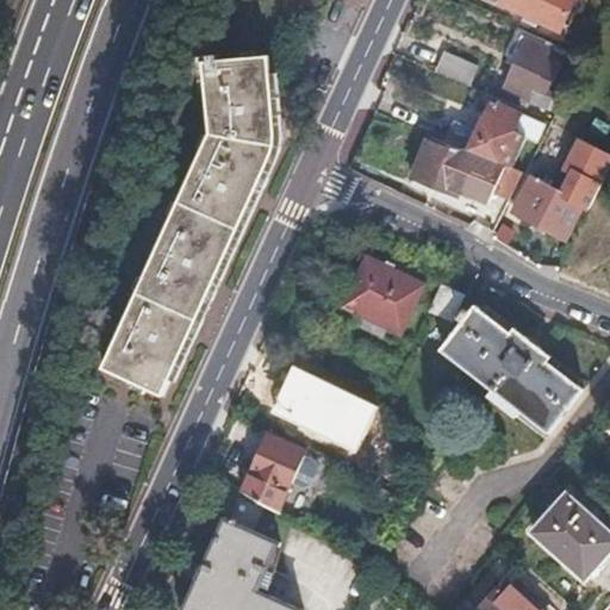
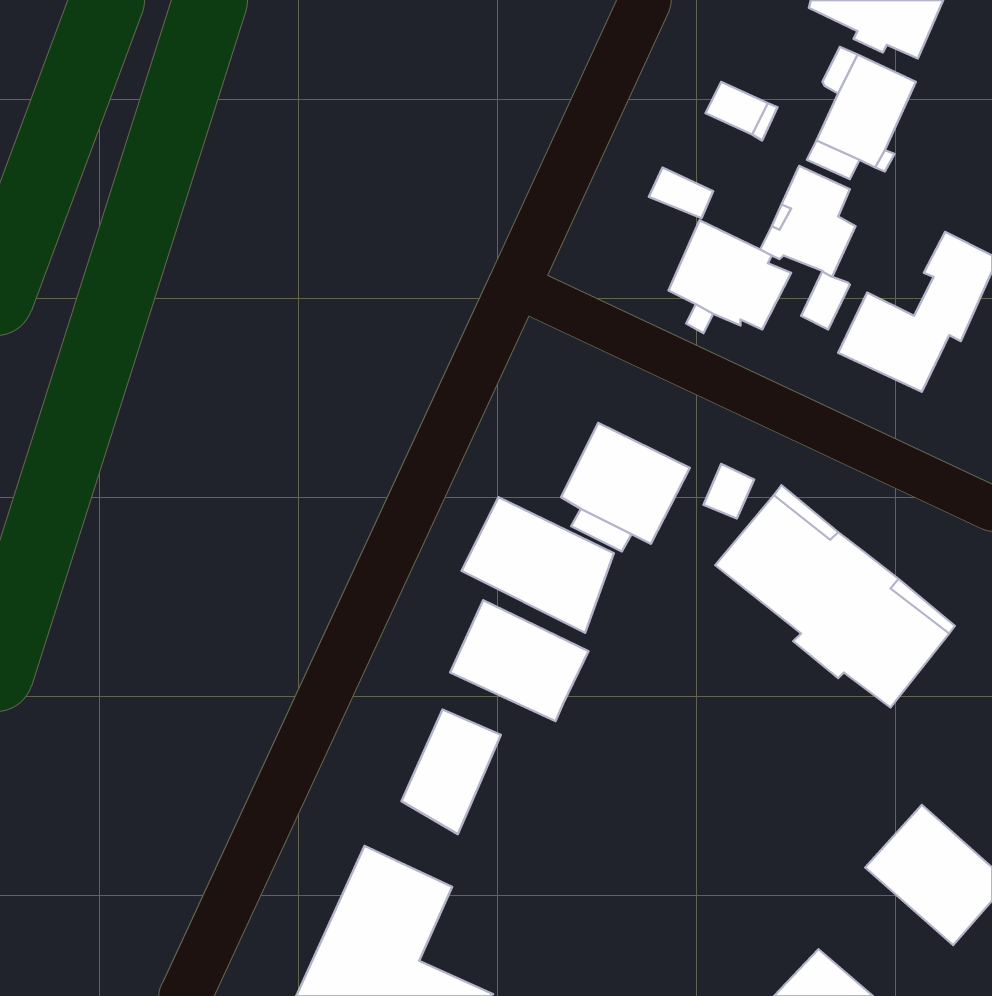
building: [102,52,275,392] -> none
building: none -> [461,497,614,633]

